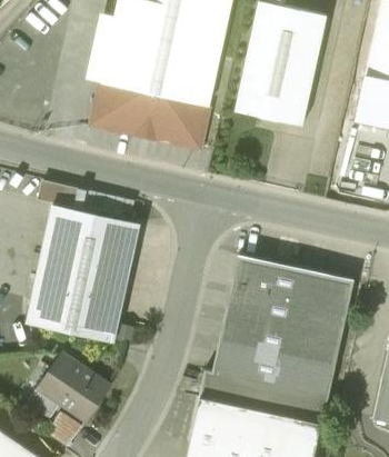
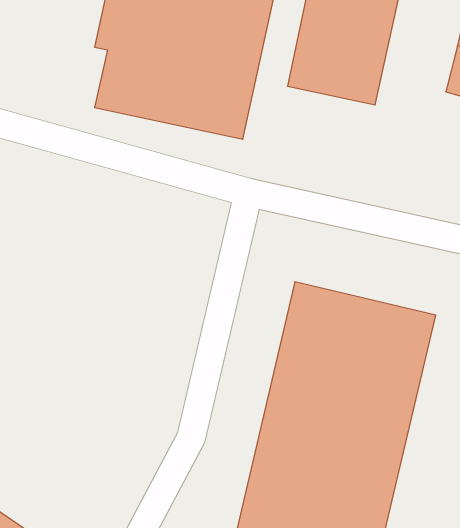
building: [23,209,138,344] -> none
building: [31,354,108,429] -> none

